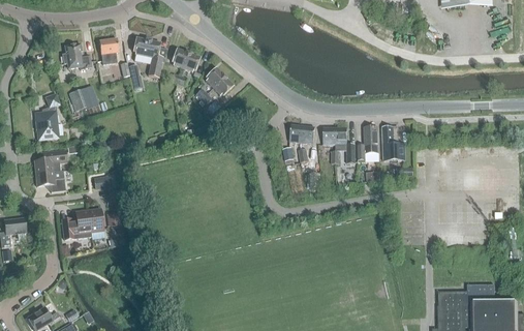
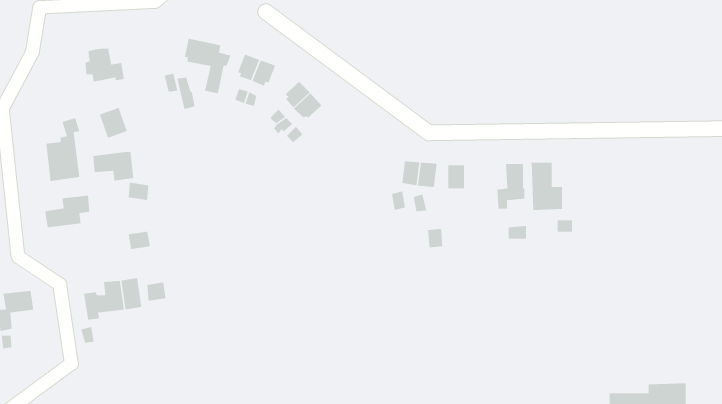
building: [98,37,118,63] -> none
building: [335,127,355,163] -> none
building: [35,170,65,191] -> [92,151,134,181]

